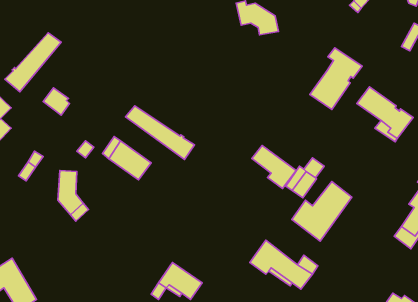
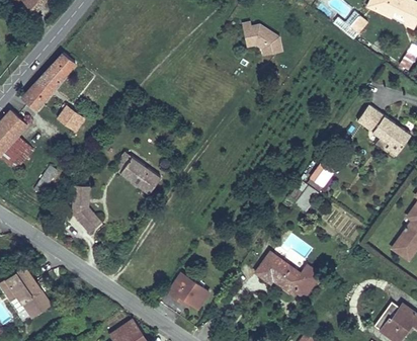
building: [310,48,362,109] -> none
building: [126,106,195,159] -> none
building: [252,146,296,188] -> none
building: [292,181,352,241] -> none

